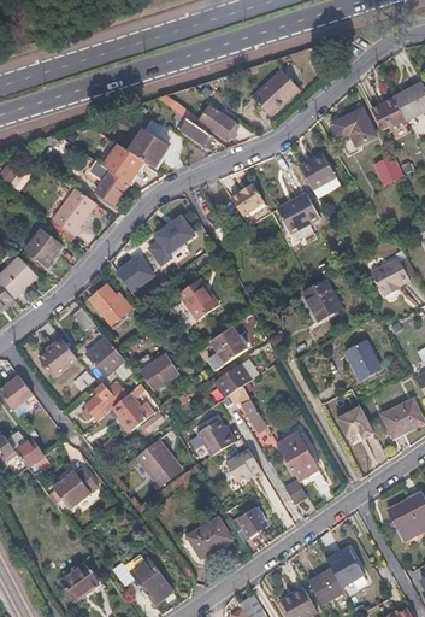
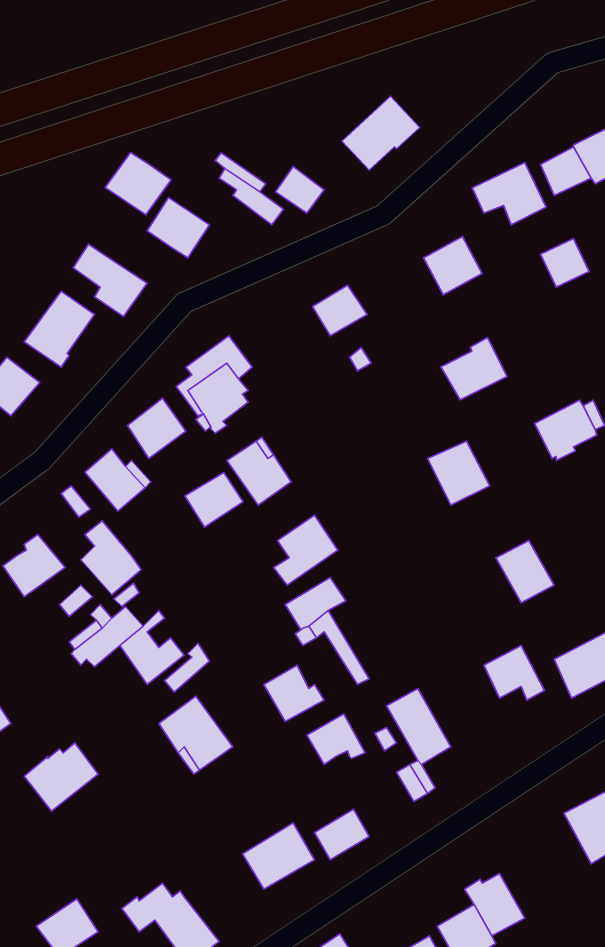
building: [104,145,144,183] -> [105,153,171,215]
building: [278,195,319,234] -> [441,338,507,400]
building: [142,355,178,389] -> [185,472,243,527]

